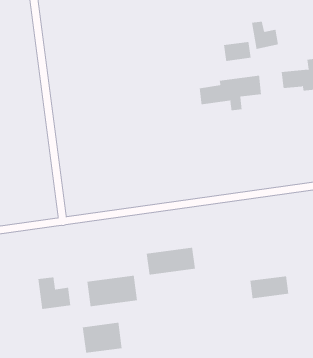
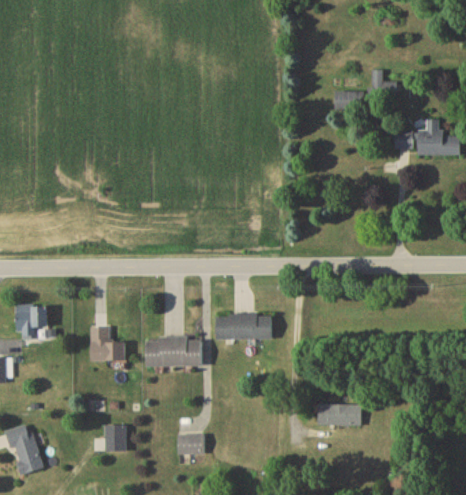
building: [199,75,262,111] -> none
building: [249,276,289,299] -> [318,404,361,425]
building: [82,322,122,354] -> none

